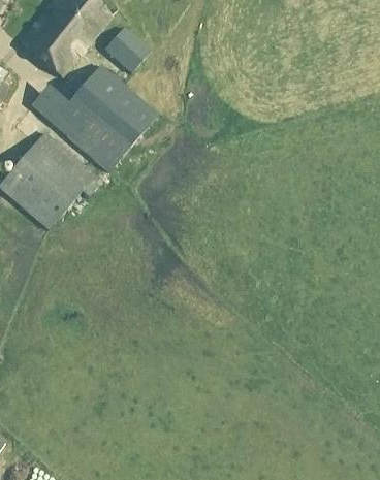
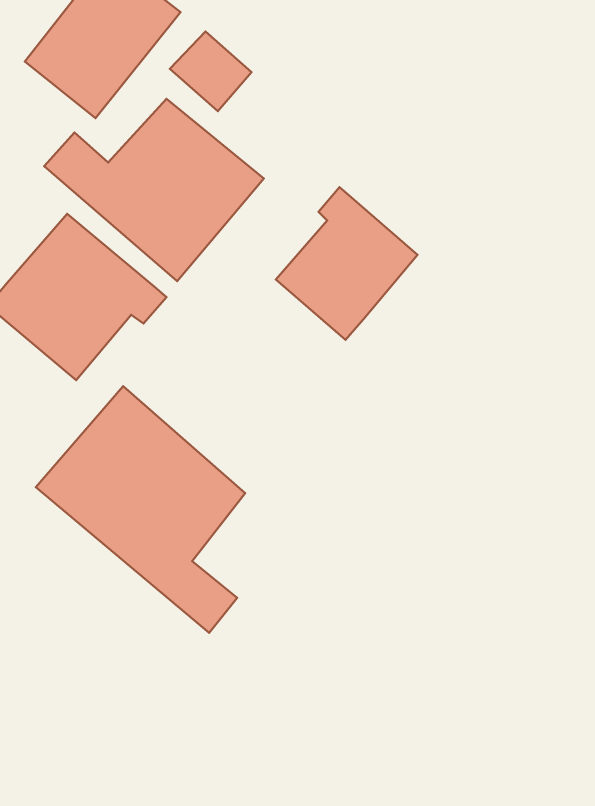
building: none -> [276,187,417,340]
building: none -> [36,386,245,633]

